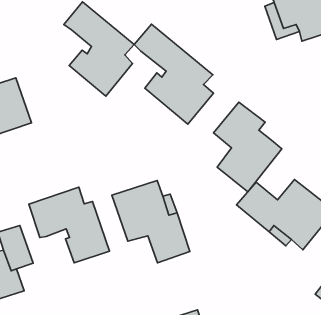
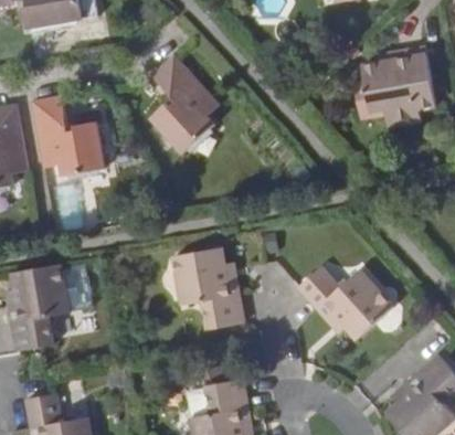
building: [134,24,213,124] -> none
building: [213,102,282,192] -> none
building: [29,187,110,263] -> none

